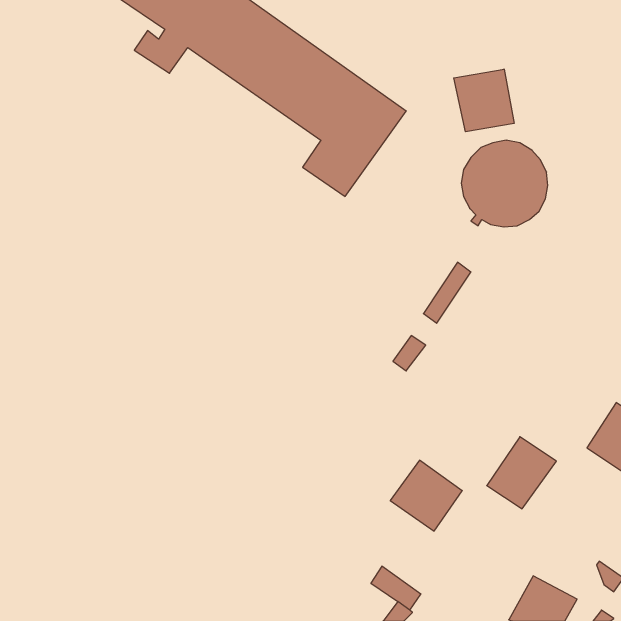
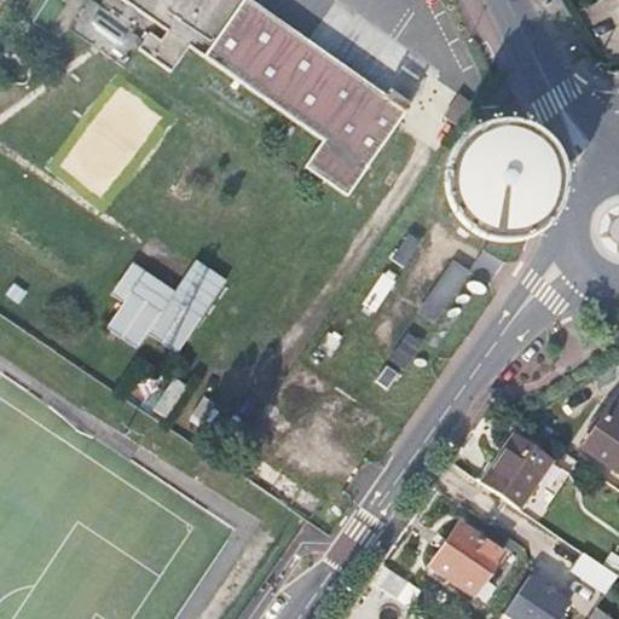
building: [454,69,514,132] -> none
building: none -> [108,259,228,353]
building: [390,460,462,531] -> [432,521,503,591]

